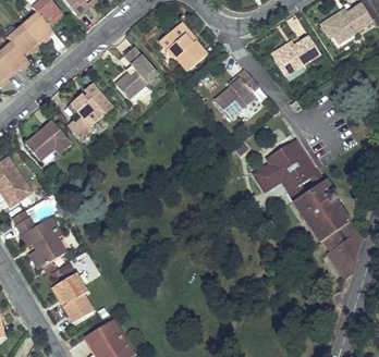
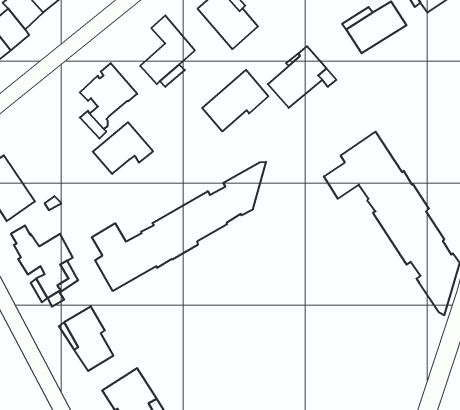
building: none -> [202,70,268,131]
building: [24,121,71,161] -> [93,122,153,174]
building: none -> [92,162,266,291]

